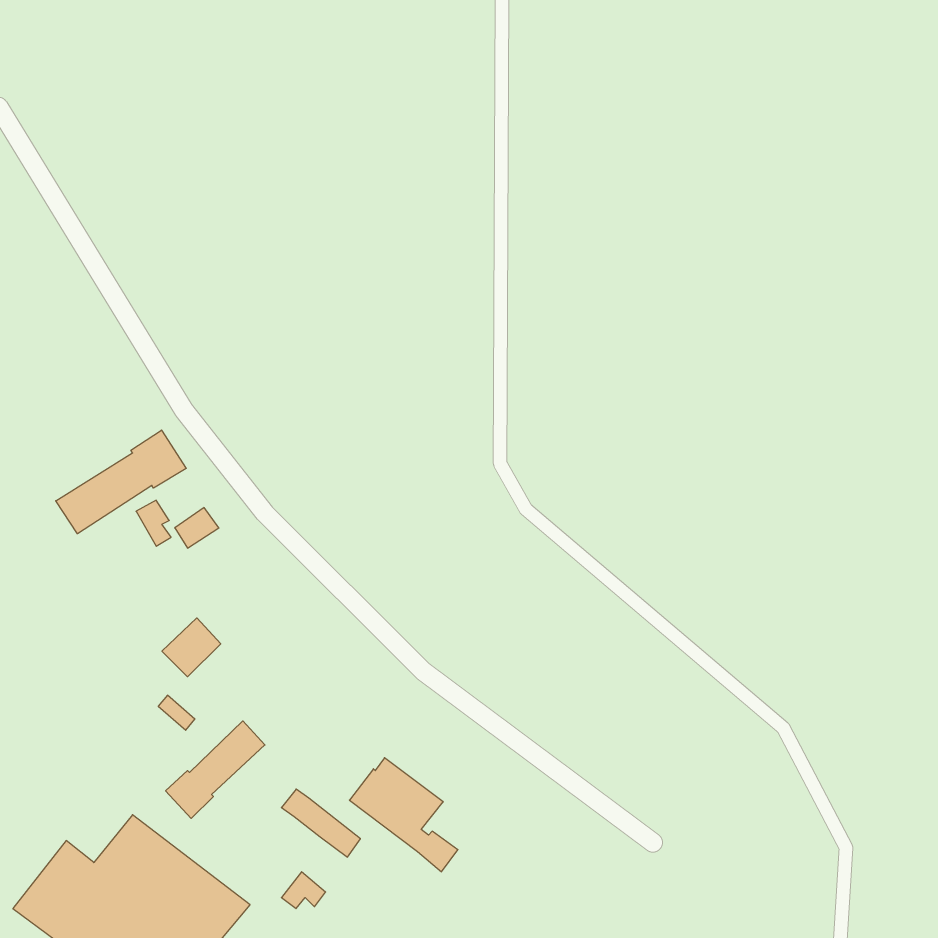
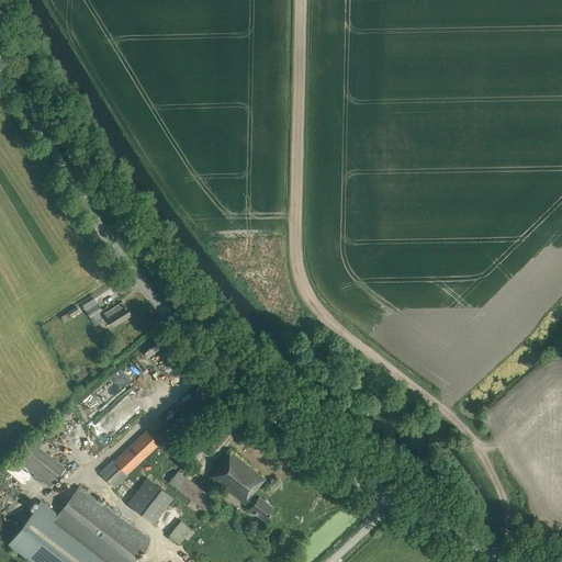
building: [56,430,186,534] -> none
building: none -> [15,441,65,488]
building: none -> [127,479,172,525]

